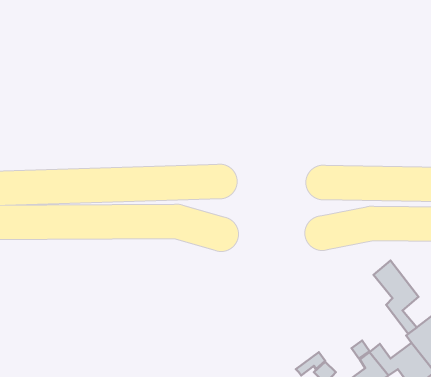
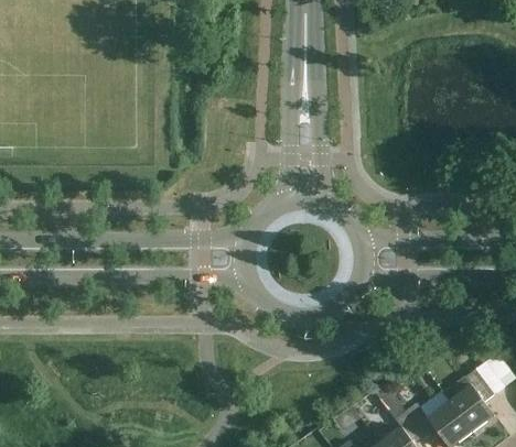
building: [373,261,419,334] -> none

